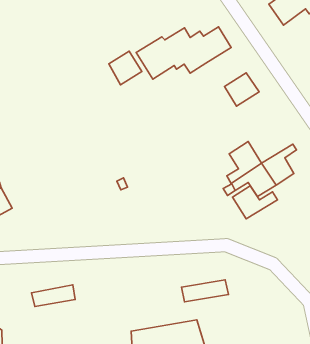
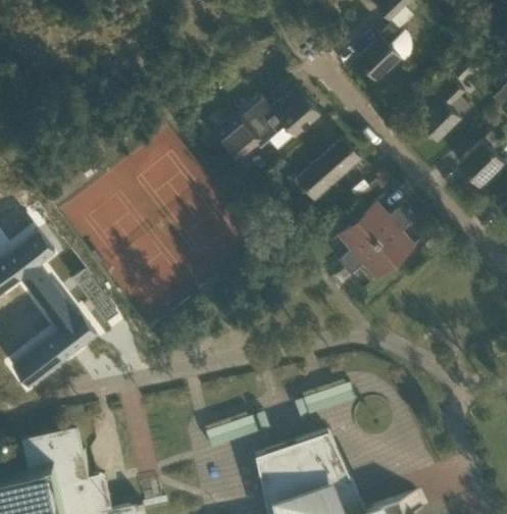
building: [109,51,142,85] -> none
building: none -> [296,160,336,201]
building: [232,186,277,219] -> [355,203,407,242]
building: [32,285,75,307] -> [210,414,261,446]

